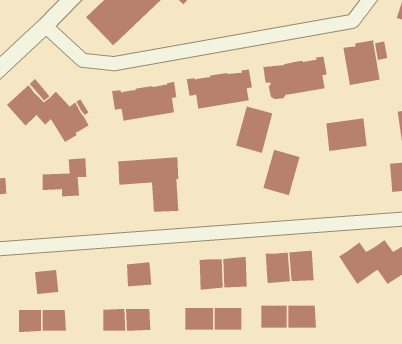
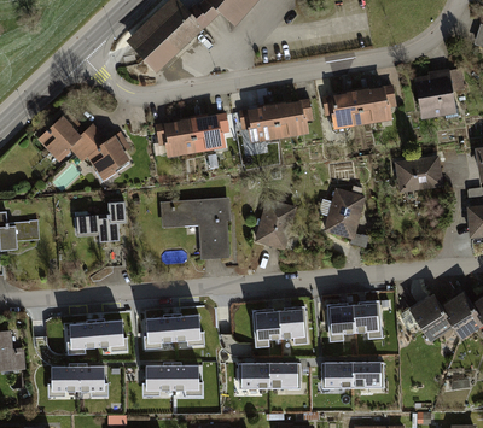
building: [235,106,273,153] -> [254,199,296,252]
building: none -> [145,317,173,345]
building: none -> [94,321,124,348]

